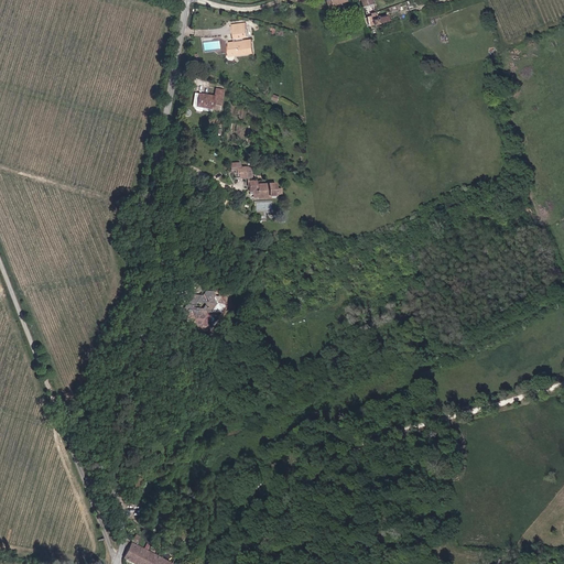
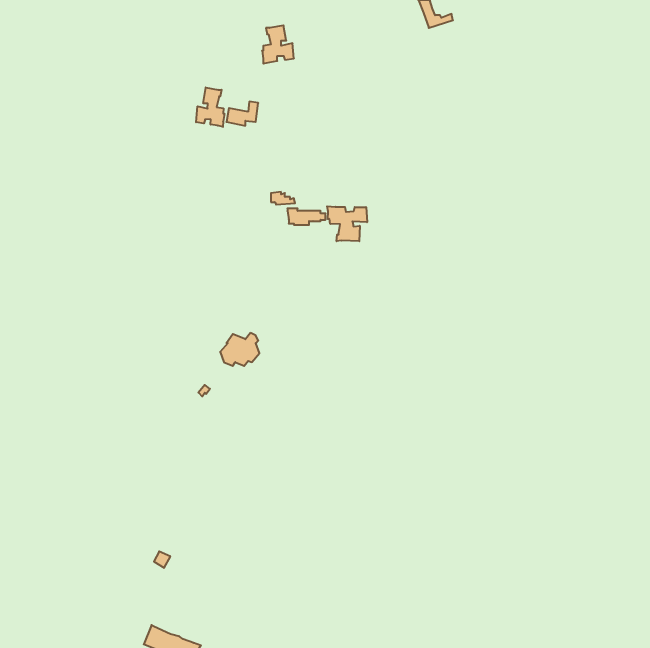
building: none -> [196,87,224,127]
building: none -> [327,206,367,241]

